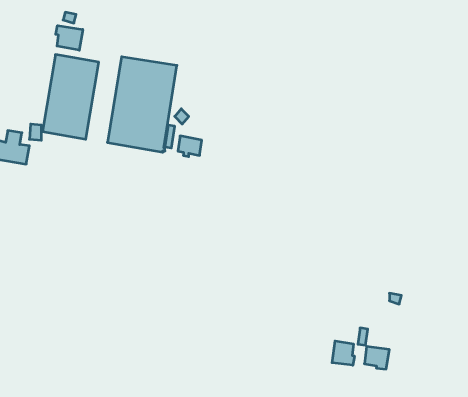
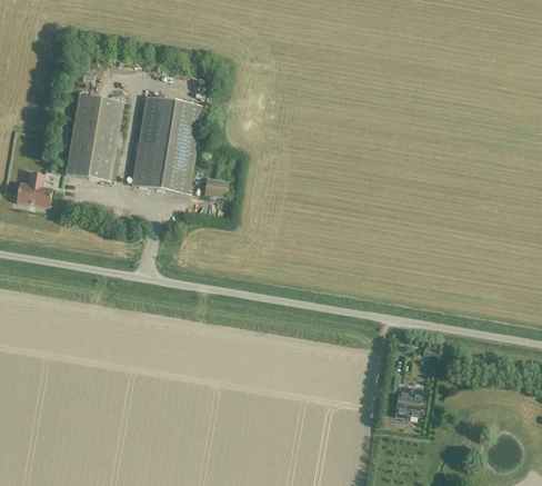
building: [56,26,83,50] -> none
building: [332,341,354,365] -> none

